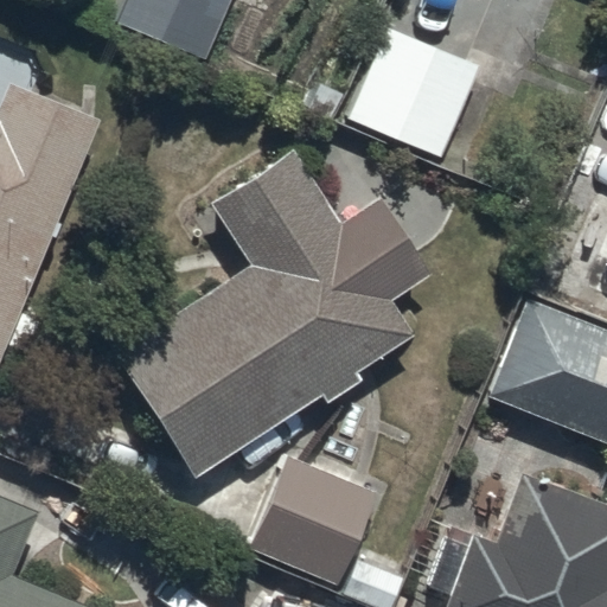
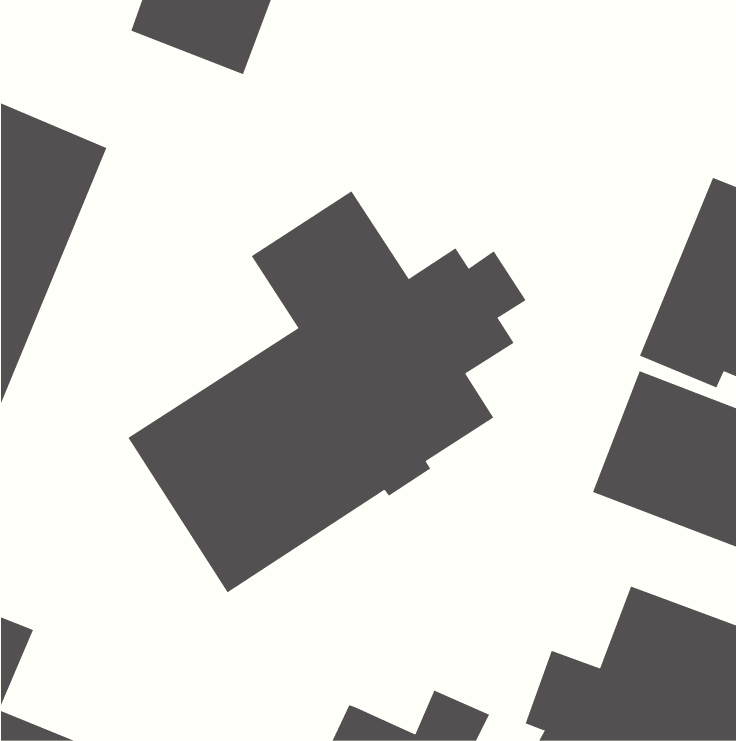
building: [352,25,479,155] -> none
building: [251,456,378,584] -> none

